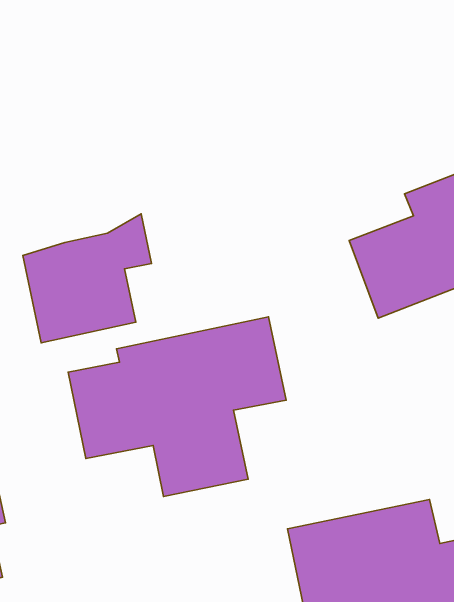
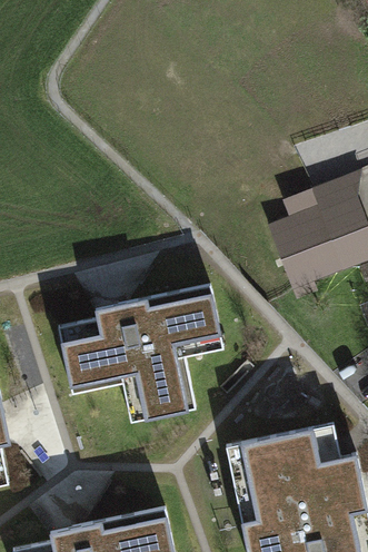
building: [23,214,152,343] -> none

